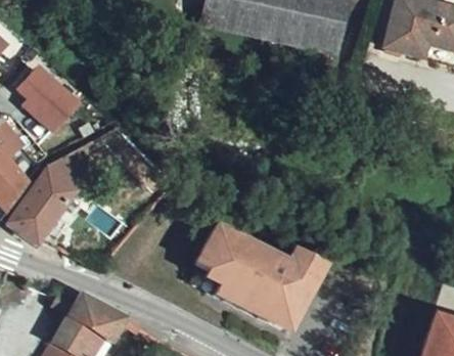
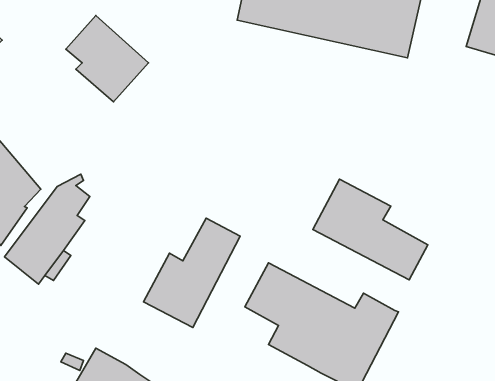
building: [15,59,83,130] -> [66,15,148,102]
building: none -> [313,179,428,280]
building: none -> [144,218,240,328]

